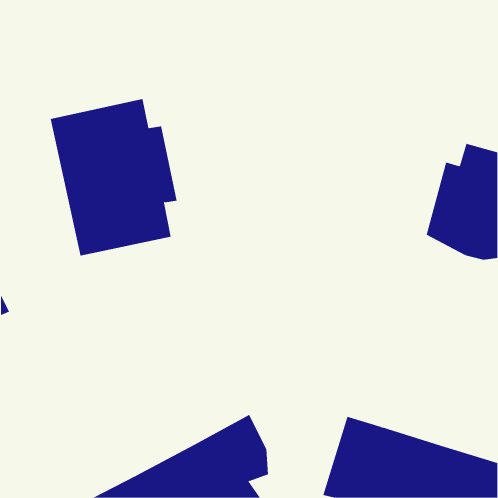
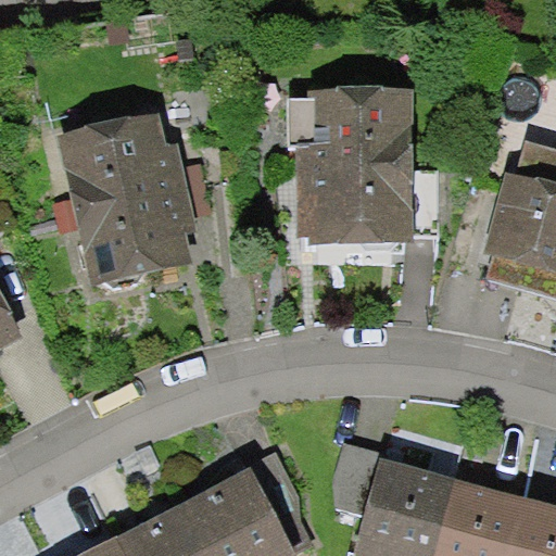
building: none -> [286,88,414,243]

